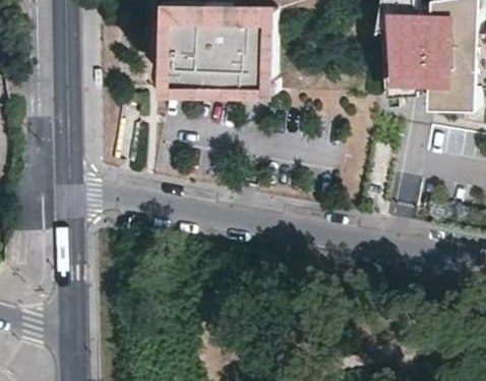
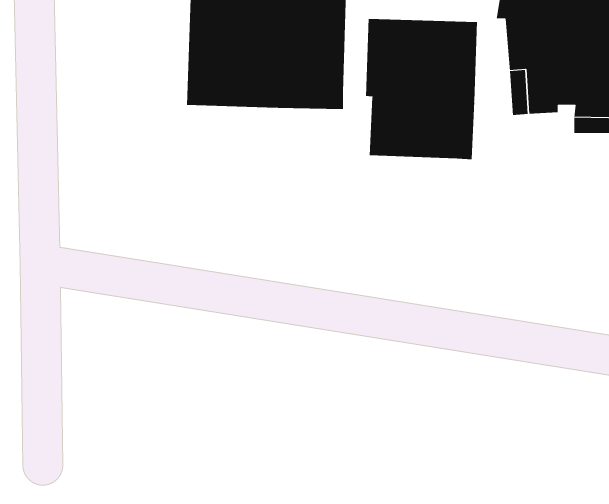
building: none -> [365,18,477,160]

